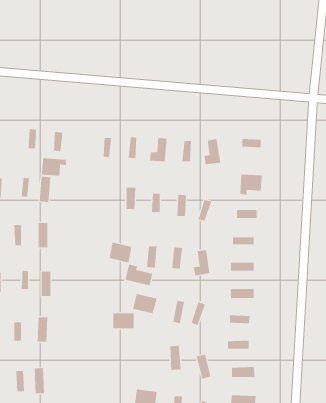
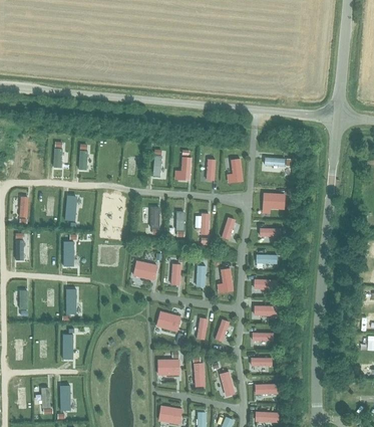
building: [41,157,66,176] -> none
building: [125,264,153,286] -> none
building: [112,313,135,329] -> [157,360,179,376]

